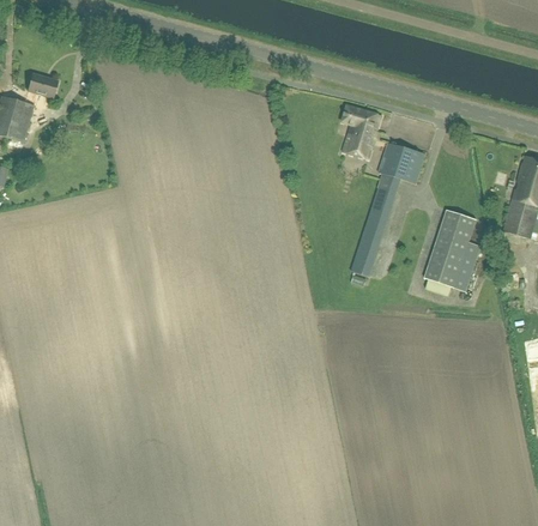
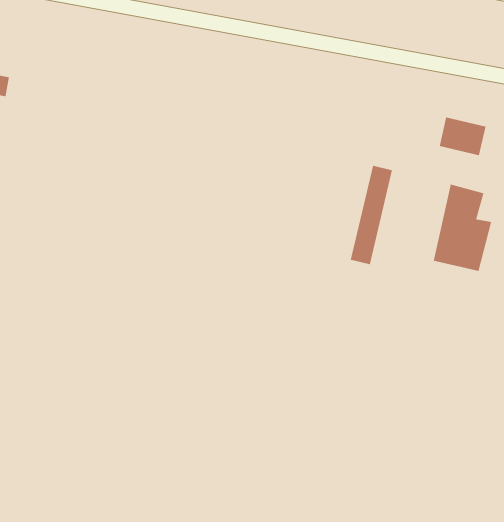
building: [343,105,382,158] -> none
building: [380,144,424,182] -> [439,116,486,156]

